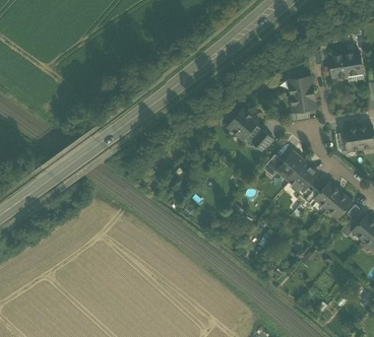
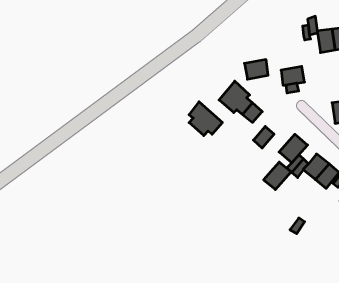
building: [289,76,313,96] -> [244,60,268,79]
building: none -> [189,102,222,136]
building: [277,152,306,181] -> [264,162,291,190]

